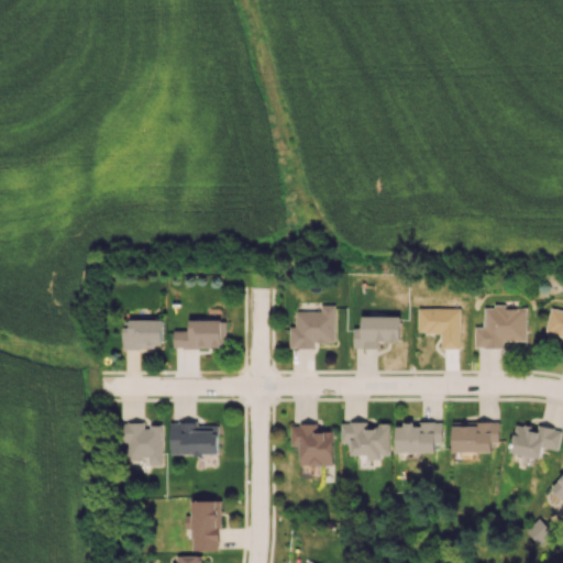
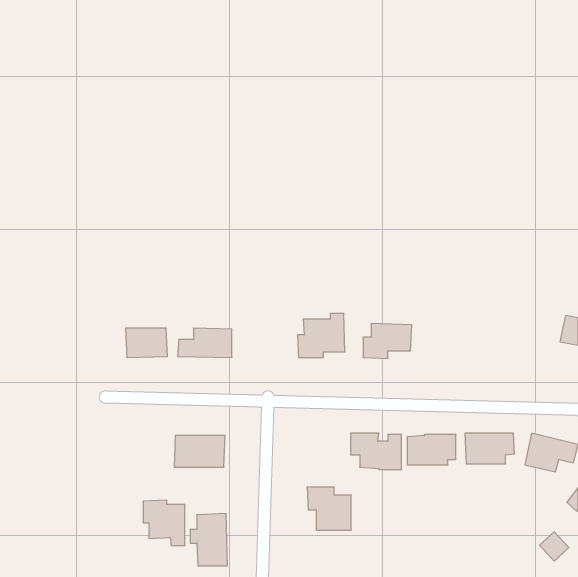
building: [475,307,526,349] -> none
building: [418,309,460,350] -> none
building: [121,422,162,466] -> [143,500,185,545]
building: [290,424,333,466] -> [307,487,351,530]

